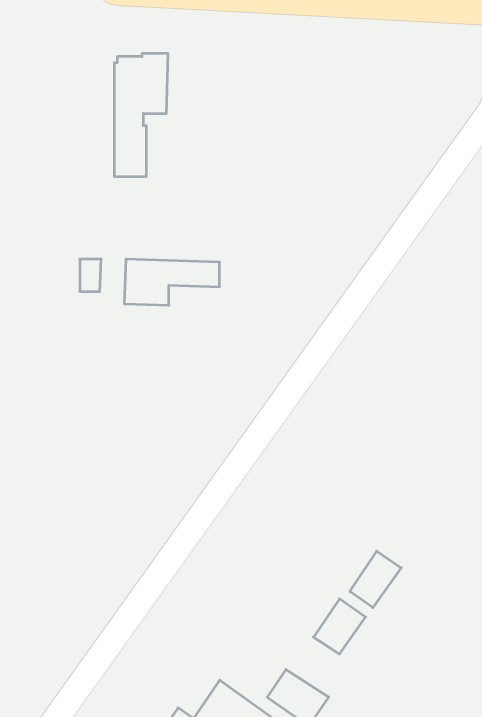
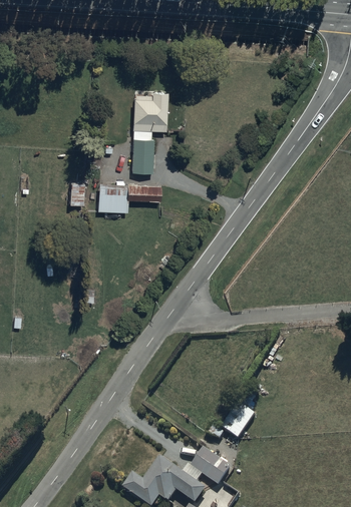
building: [114,54,168,176] -> [132,92,167,172]
building: [350,551,401,608] -> none

